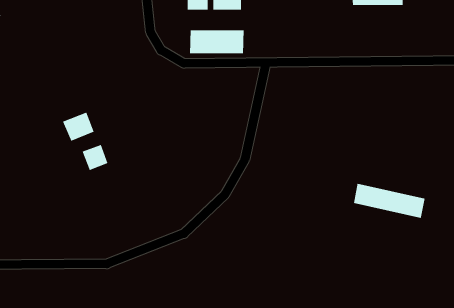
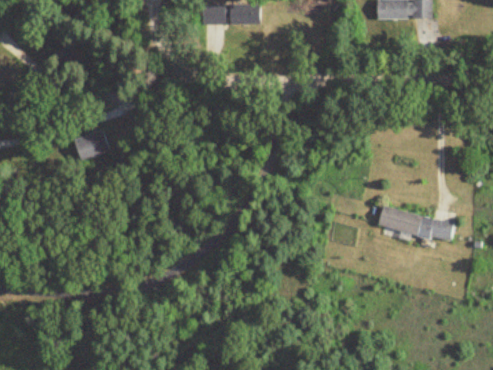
building: [190,29,244,54] -> none
building: [82,144,108,171] -> none

